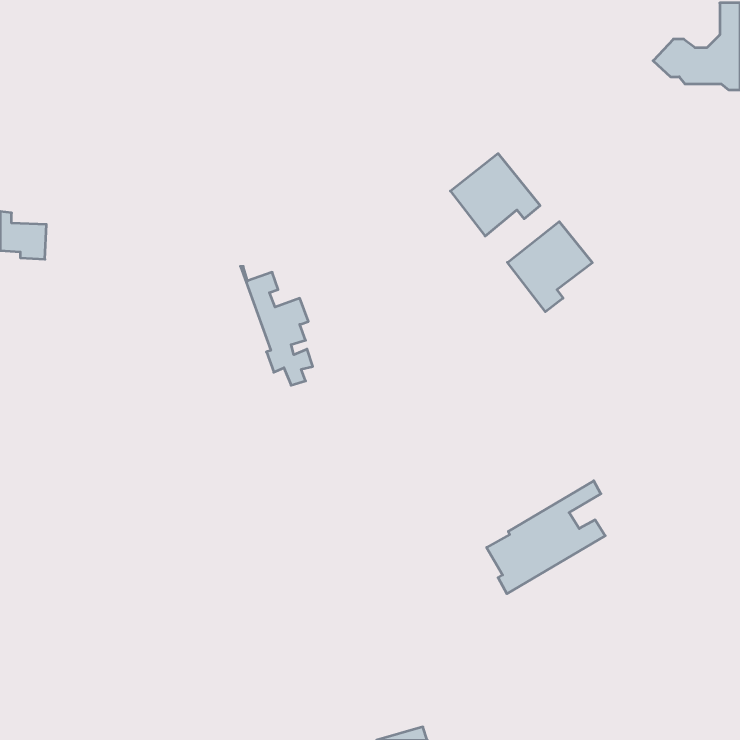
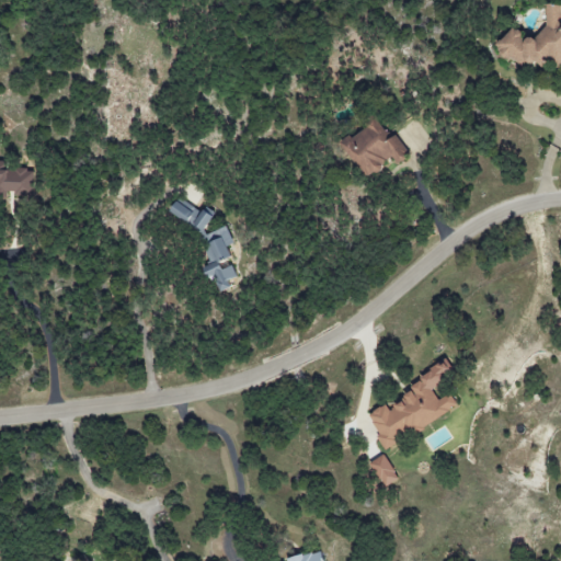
building: [507,222,592,312] -> none
building: none -> [369,454,399,488]

